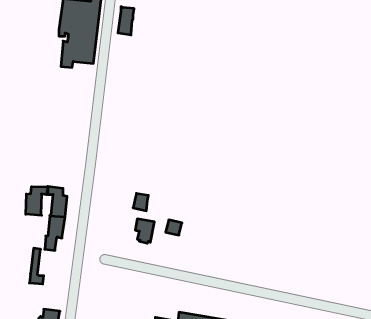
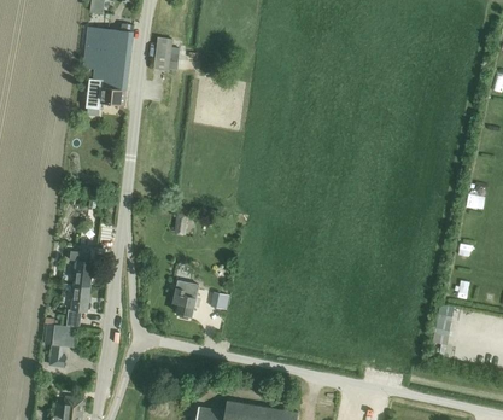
building: [26,187,48,215] -> none

